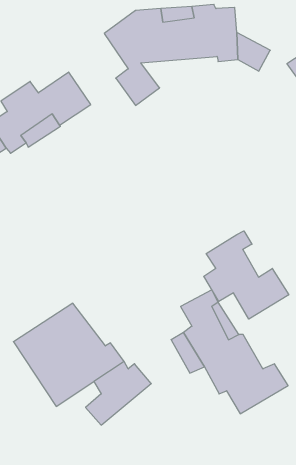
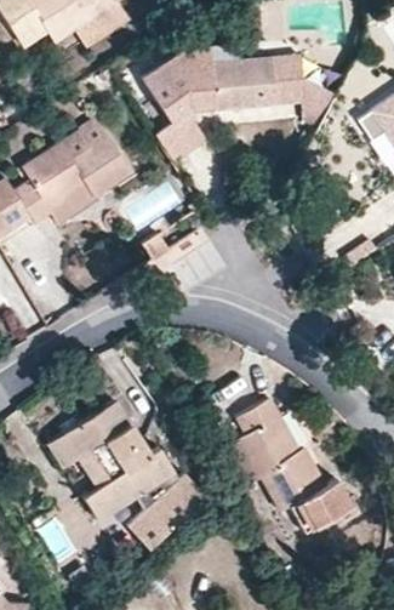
building: [204,231,289,319] -> none

